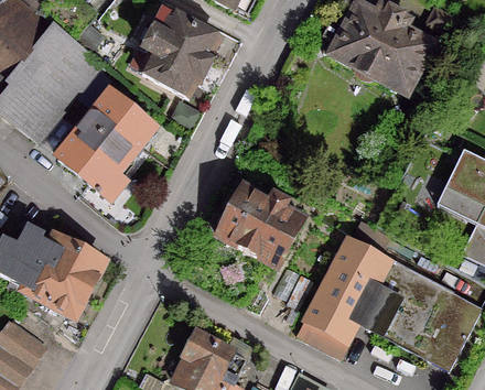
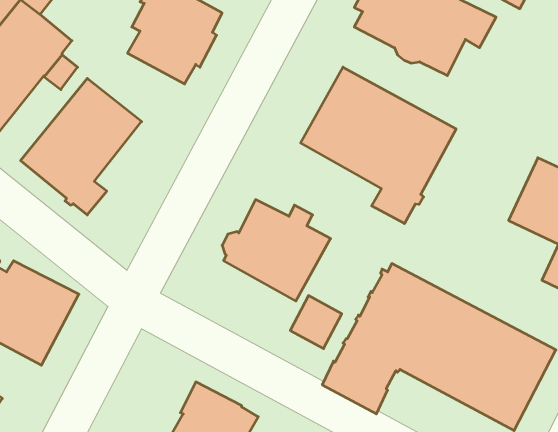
building: none -> [301,67,456,224]

